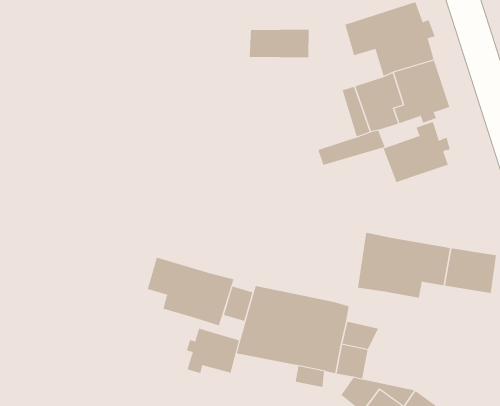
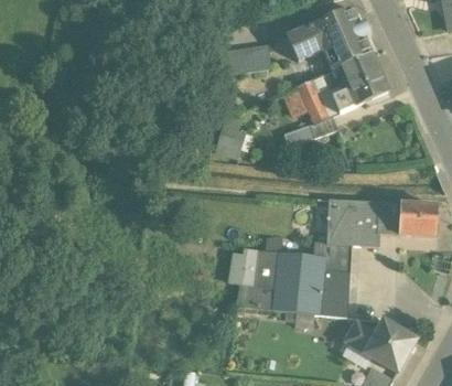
building: none -> [216,114,244,158]
building: [383,121,450,183] -> none
building: [147,257,234,326] -> none
building: none -> [312,242,349,274]
building: [186,328,239,374] -> none

